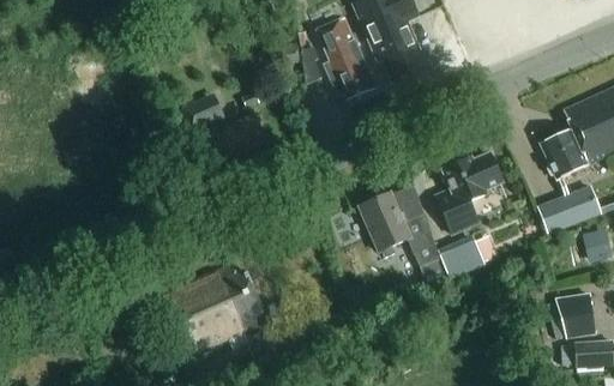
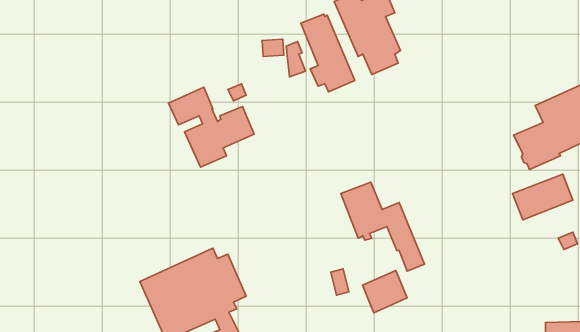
building: [440,151,501,231] -> none
building: [439,233,486,277] -> [363,270,407,313]
building: [556,291,597,338] -> none

